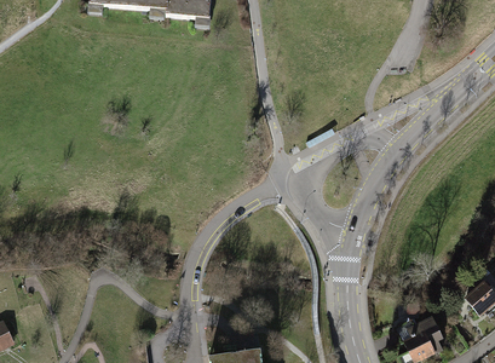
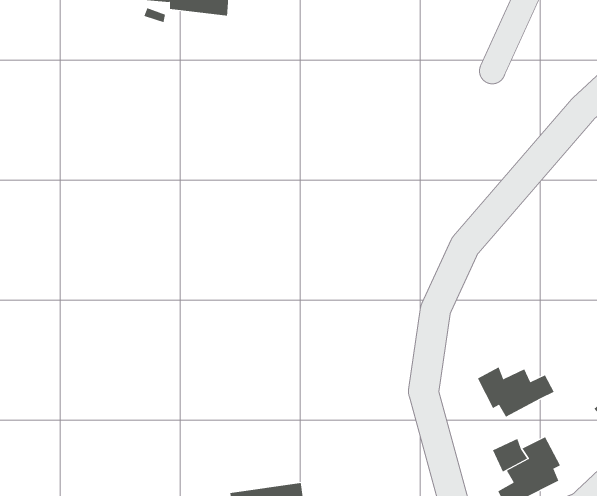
building: none -> [477,367,555,417]

